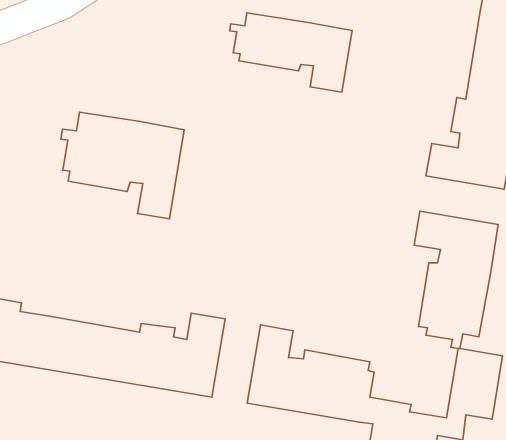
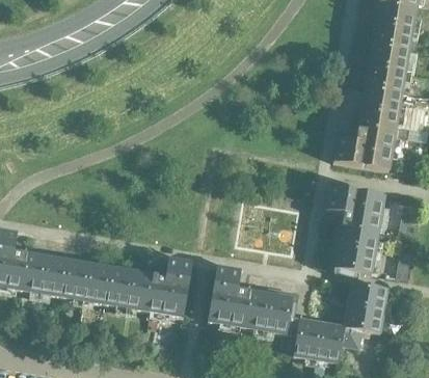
building: [230,13,352,92] -> none
building: [61,112,184,219] -> none

